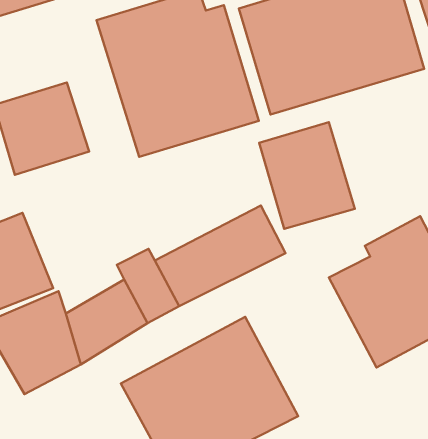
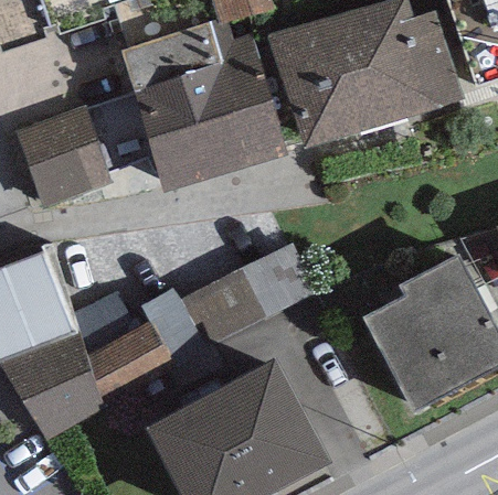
building: [259,122,355,229] -> none

